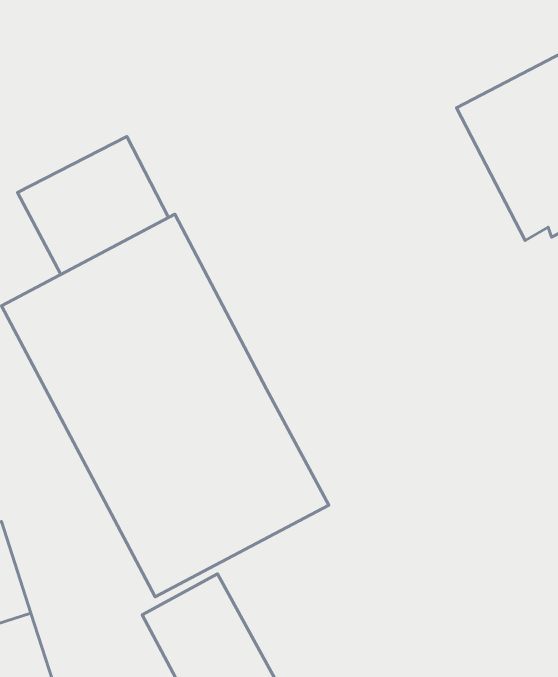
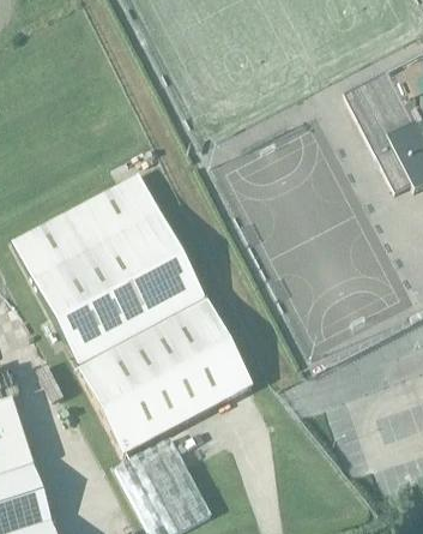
building: [17,137,169,274] -> none

